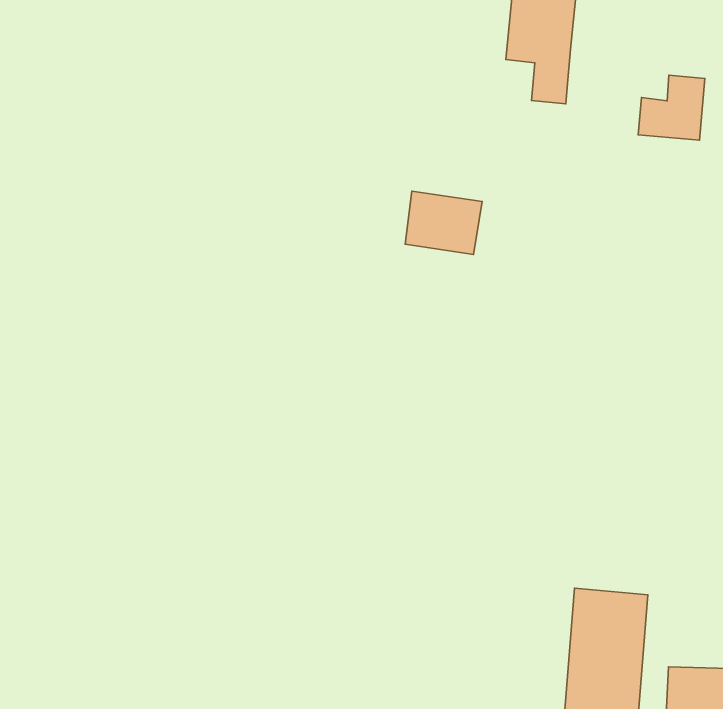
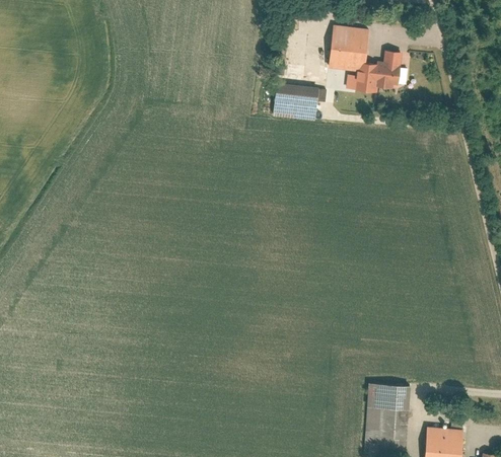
building: [638,75,705,140] -> [364,48,404,86]
building: [405,191,482,254] -> [275,82,320,120]

